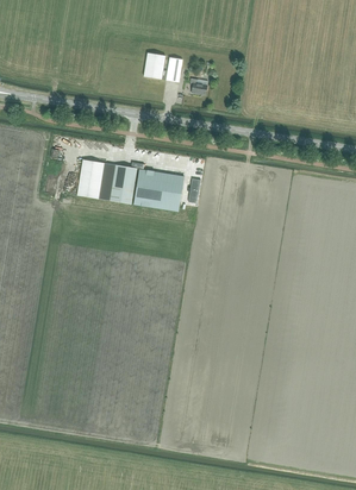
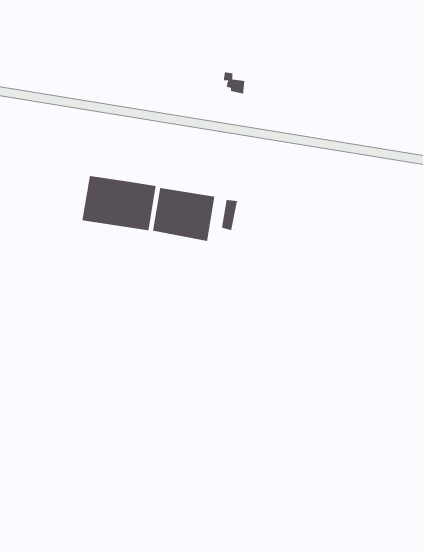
building: [144,52,182,81] -> none

